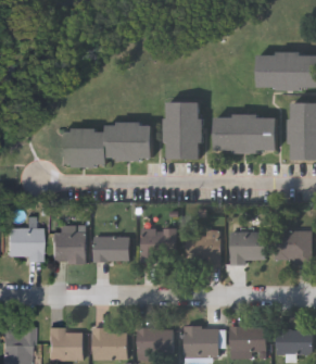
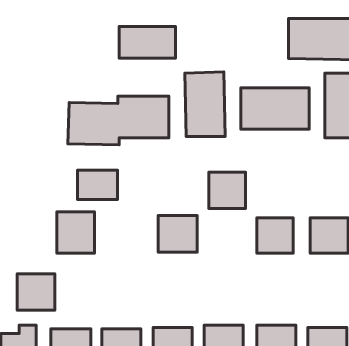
building: none -> [119,27,176,58]
building: [9,227,42,260] -> [17,274,55,310]
building: [188,231,220,264] -> [209,172,245,209]
building: [96,236,131,262] -> [77,170,118,199]

